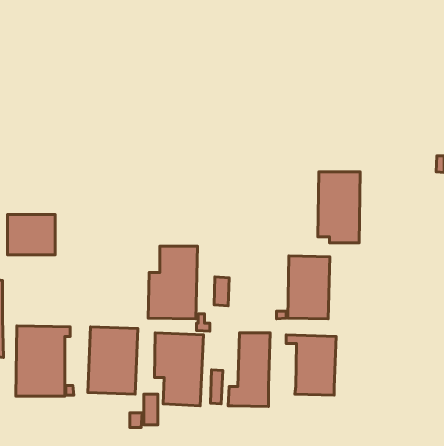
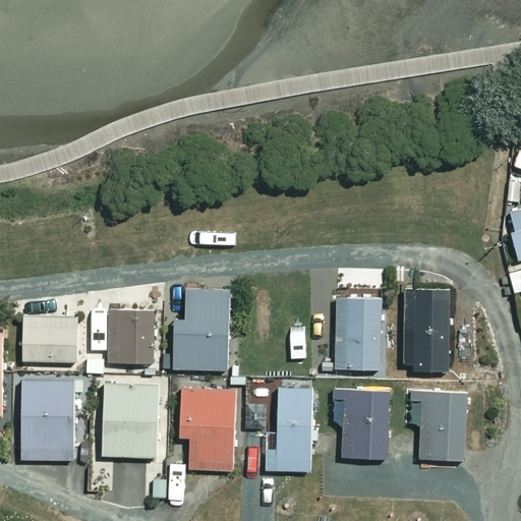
building: [318,172,360,243] -> [401,289,450,371]
building: [8,215,55,255] -> [22,315,77,362]
building: none -> [107,309,154,363]
building: none -> [410,390,468,461]

